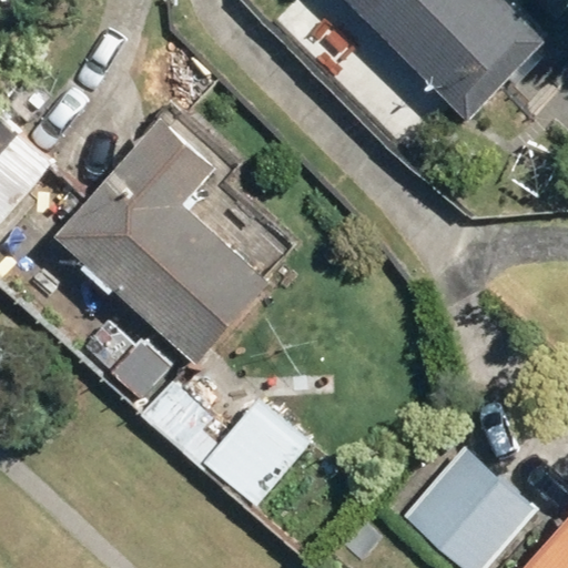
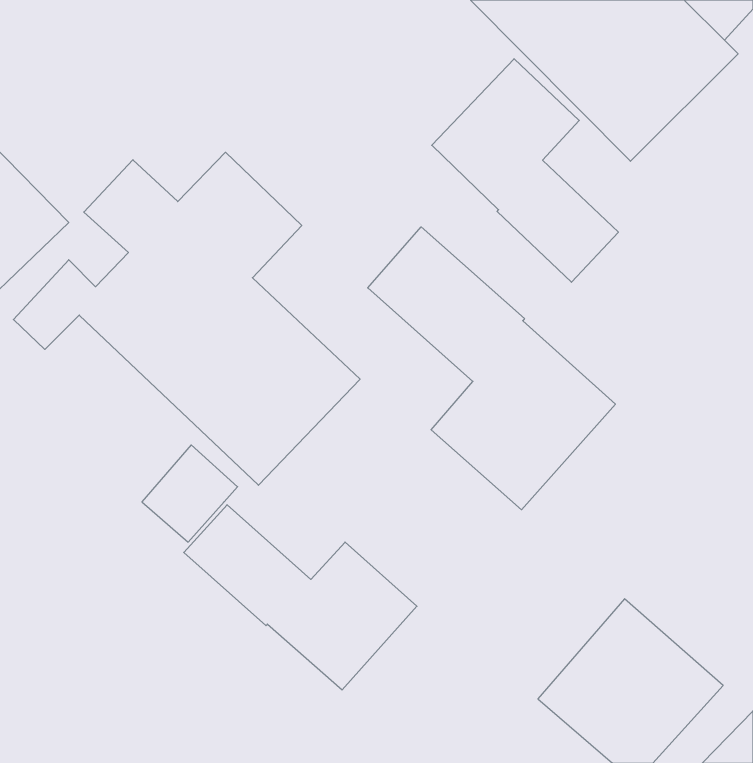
building: none -> [432,59,618,282]
building: none -> [368,227,615,510]

